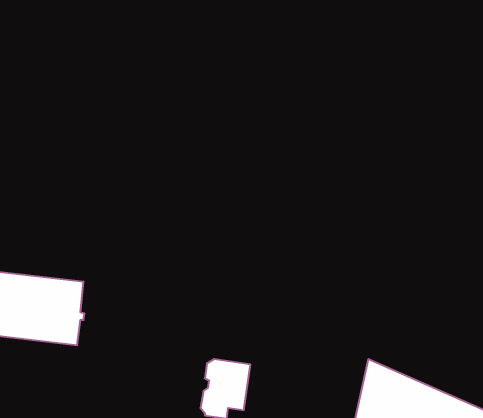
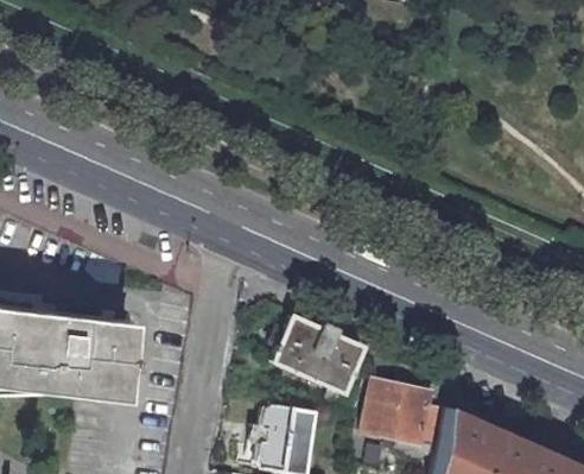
building: none -> [274,317,369,417]
building: none -> [368,379,442,453]

